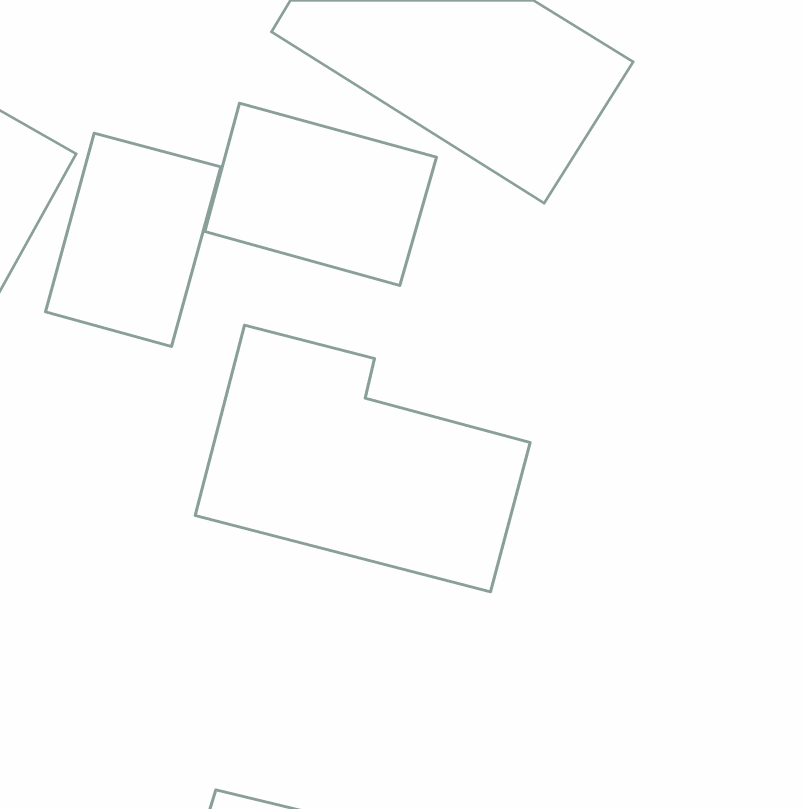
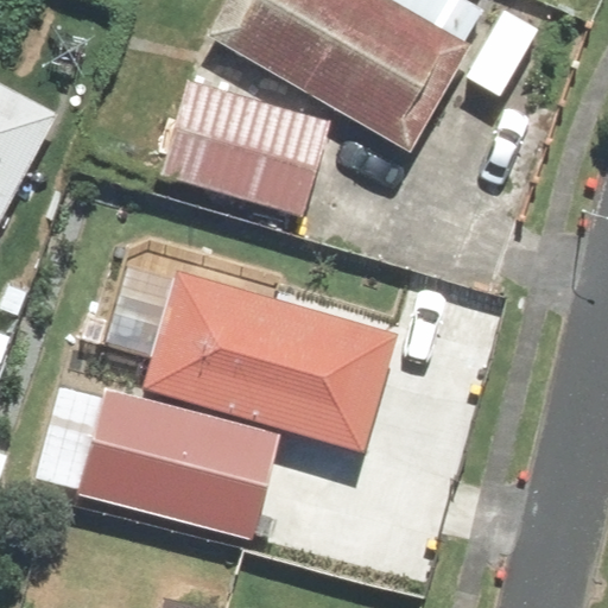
building: [46,133,221,347] -> none
building: none -> [69,388,276,537]

